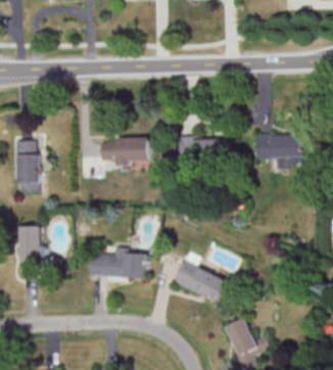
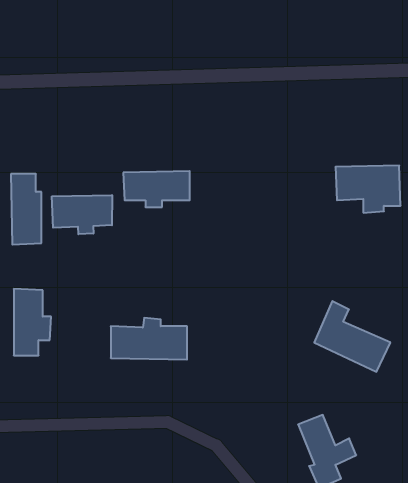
building: [175,136,226,156] -> none
building: none -> [52,195,112,234]
building: [171,249,227,302] -> [314,301,390,372]

